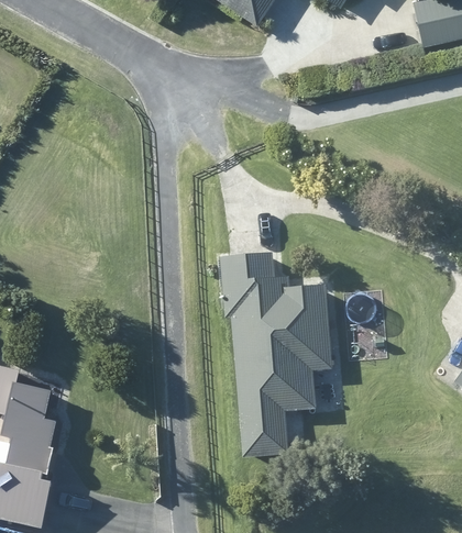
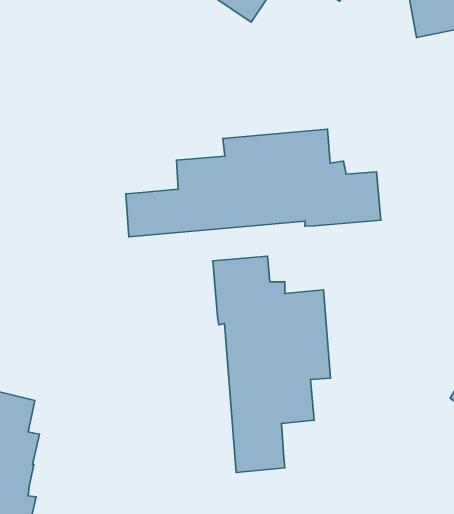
building: none -> [126,129,381,237]

